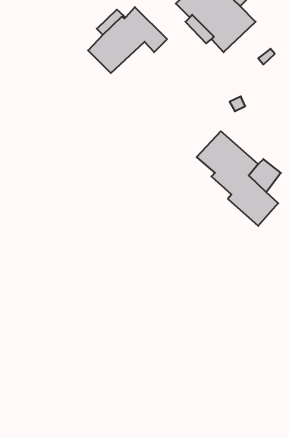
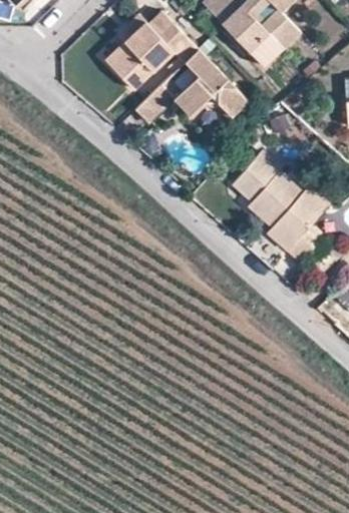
building: none -> [134,49,247,123]

